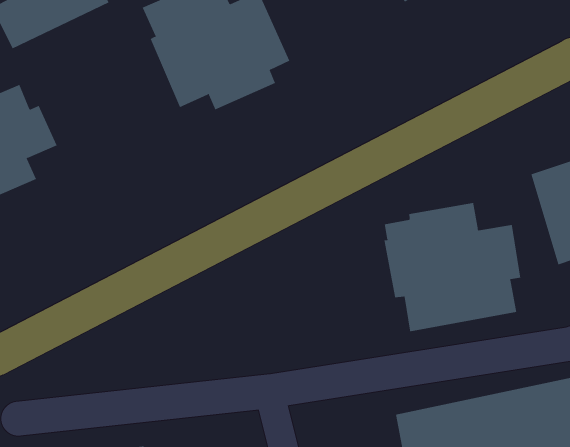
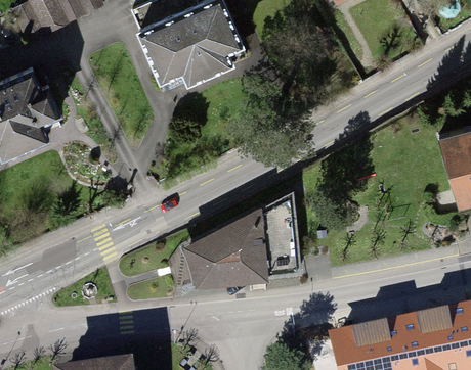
building: [384,202,521,332] -> none
building: none -> [181,190,302,290]

